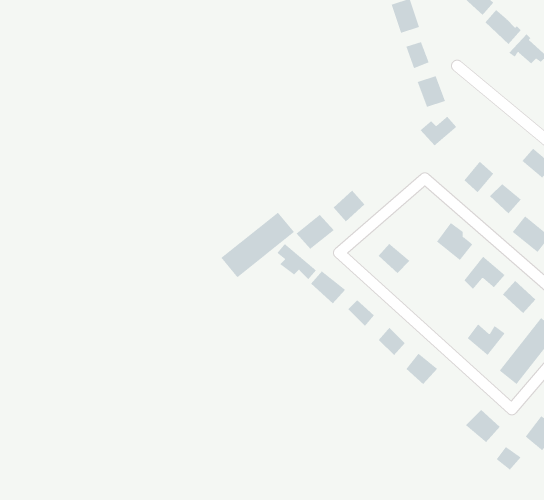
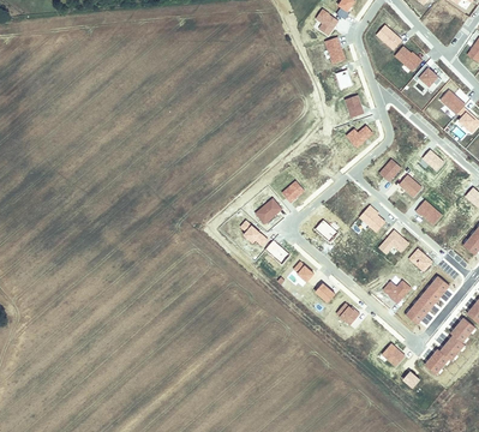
building: [221,212,295,278] -> none

